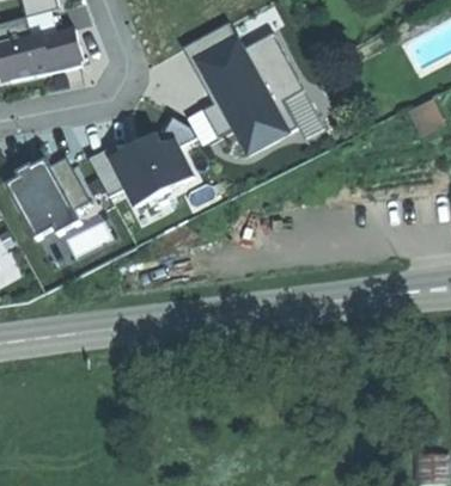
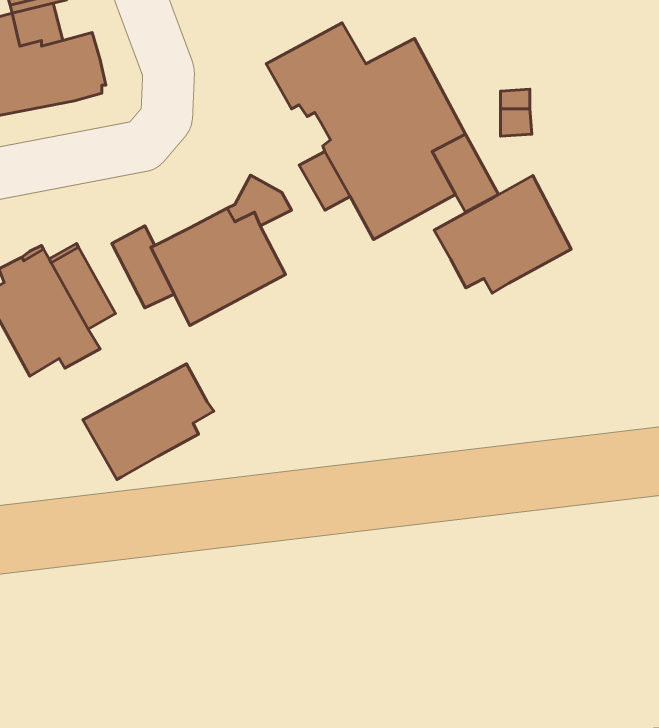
building: none -> [434,176,571,293]
building: none -> [83,364,214,479]

